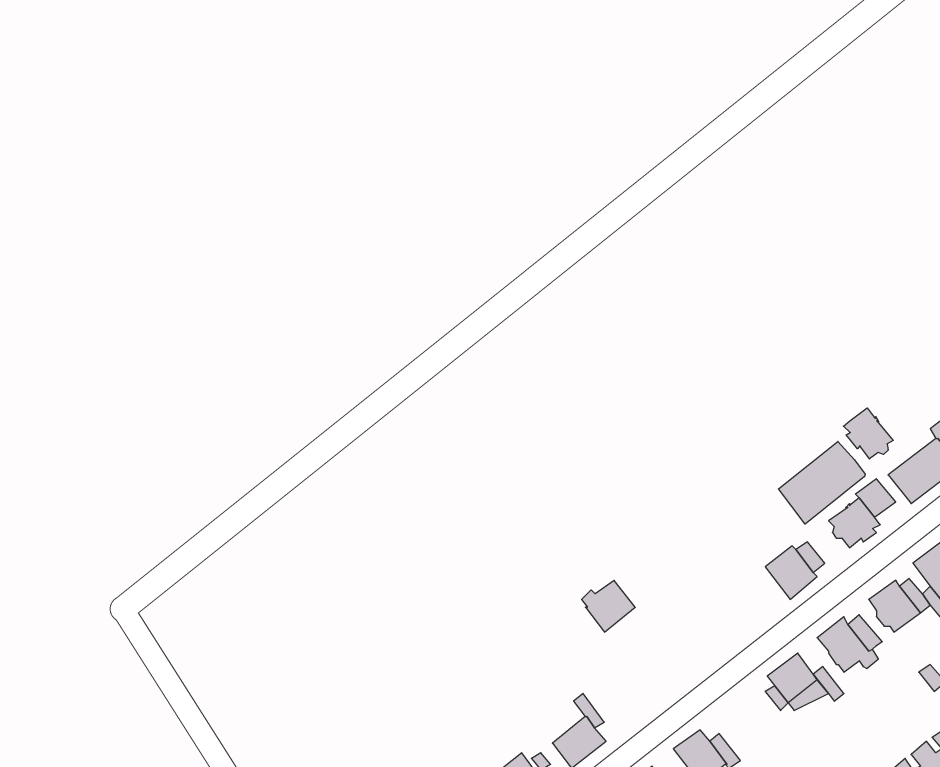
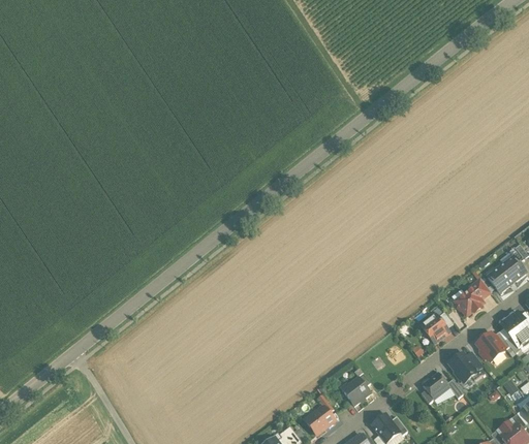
building: [843,408,893,459] -> none
building: [778,441,865,524] -> none
building: [582,580,635,632] -> [340,377,369,405]

